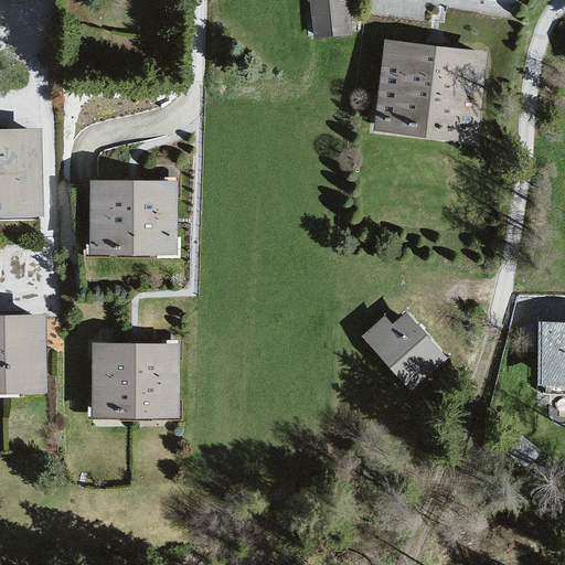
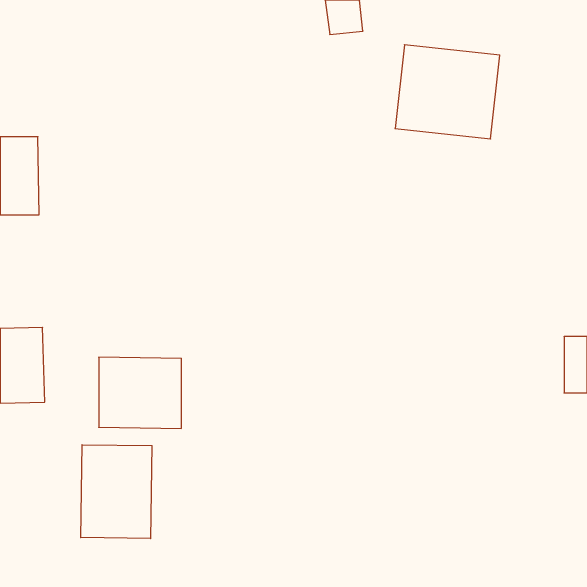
building: [95,181,172,246] -> none
building: [365,315,443,383] -> none
building: none -> [81,445,152,539]

